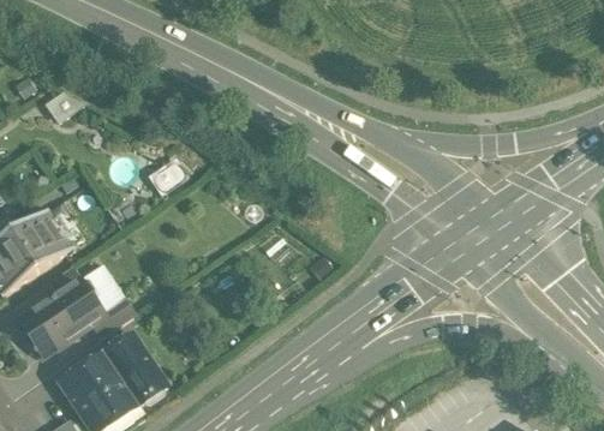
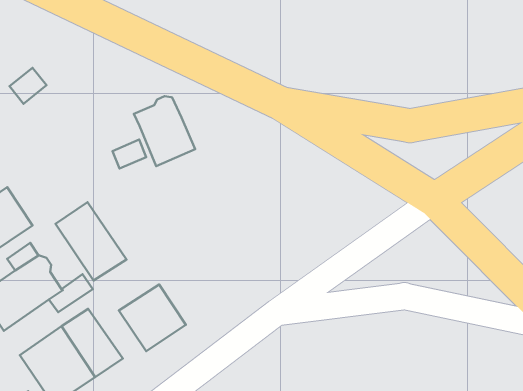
building: none -> [134,96,195,166]
building: none -> [56,202,127,280]
building: none -> [119,285,186,351]

